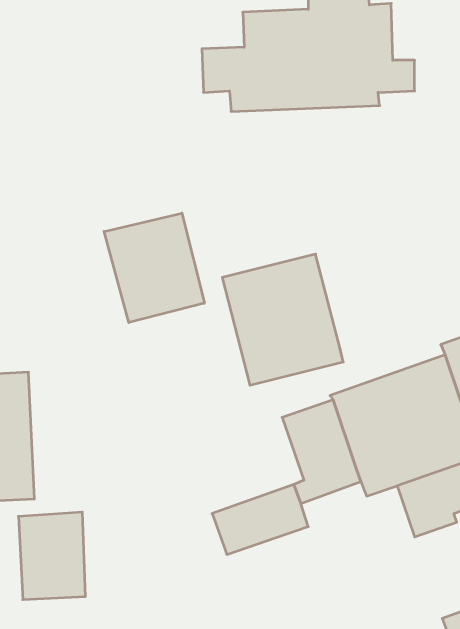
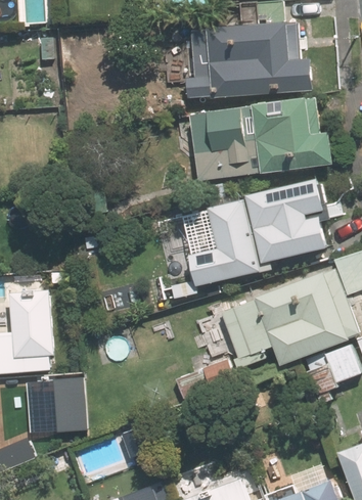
building: none -> [175,98,337,179]
building: [104,213,204,323] -> none
building: none -> [245,178,336,264]

